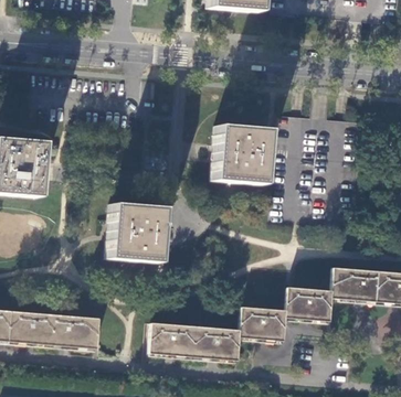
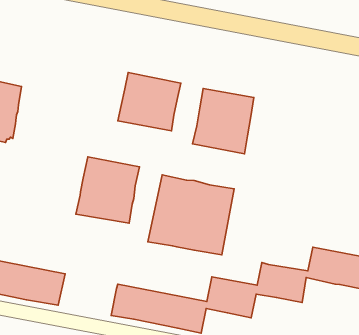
building: none -> [118,72,181,131]
building: none -> [148,175,234,255]

